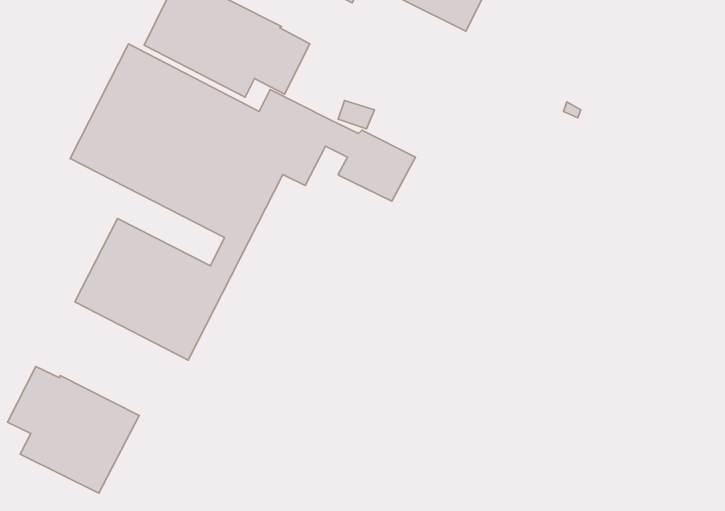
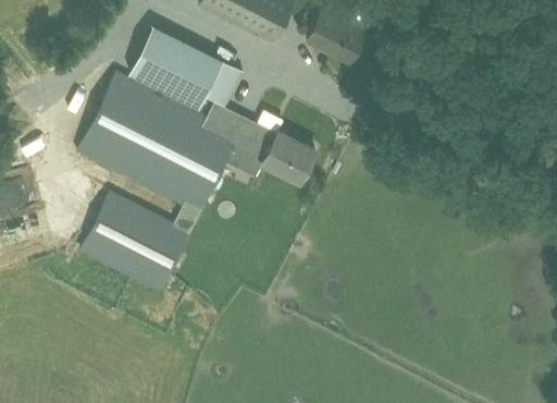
building: [7,366,139,493] -> none

